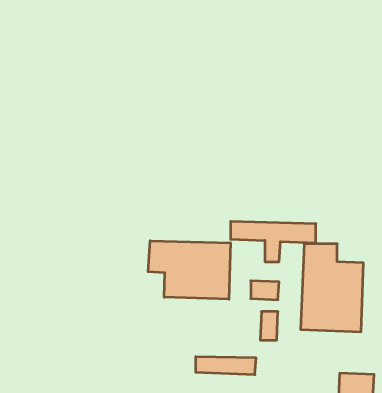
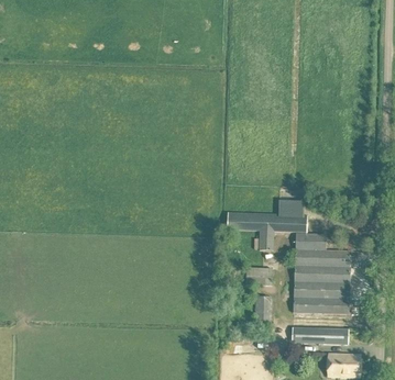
building: [148,241,230,299] -> none
building: [196,357,256,375] -> [292,326,348,343]

